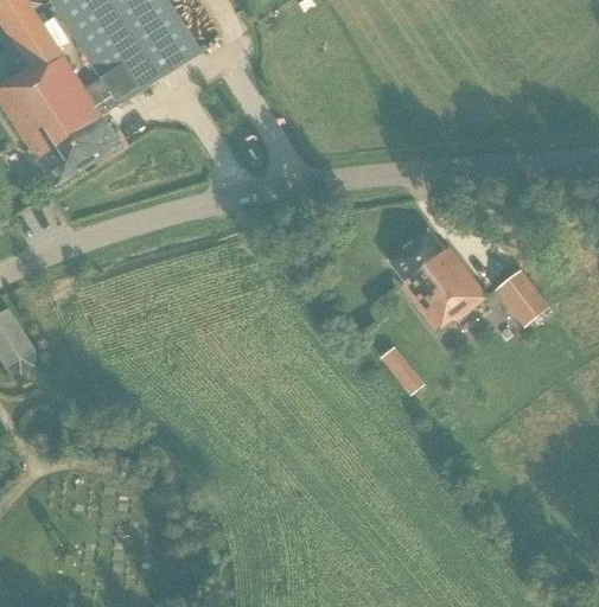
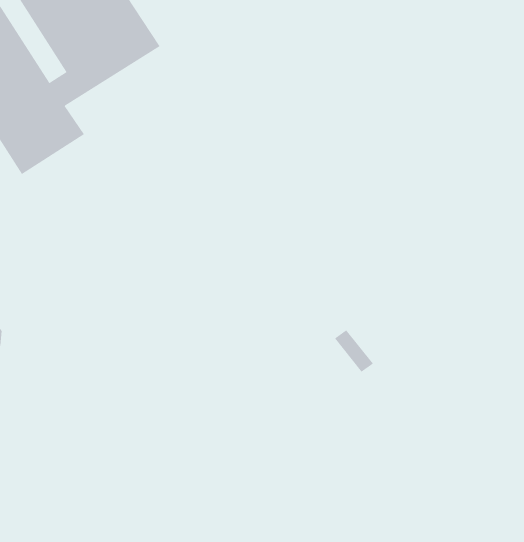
building: [387,228,484,330] -> none
building: [495,268,549,325] -> none

